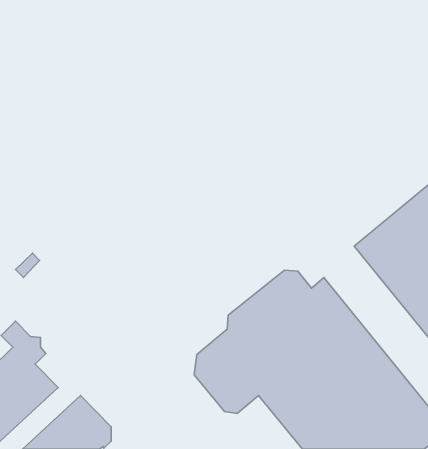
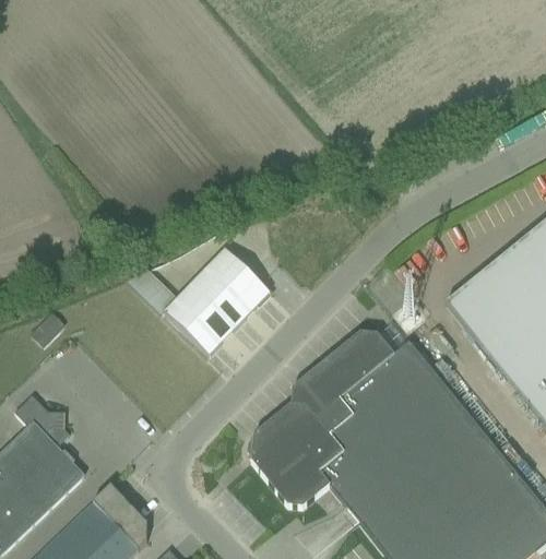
building: none -> [126,248,270,355]

